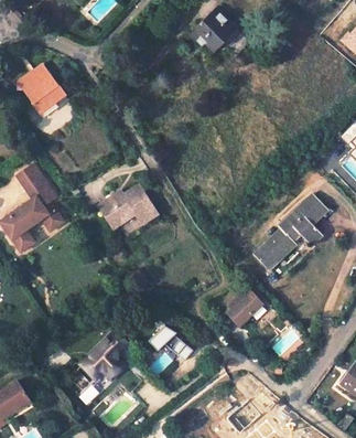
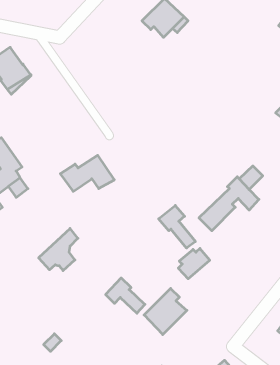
building: none -> [159,205,195,248]
building: [82,331,126,378] -> [39,228,78,271]
building: none -> [144,288,187,335]

